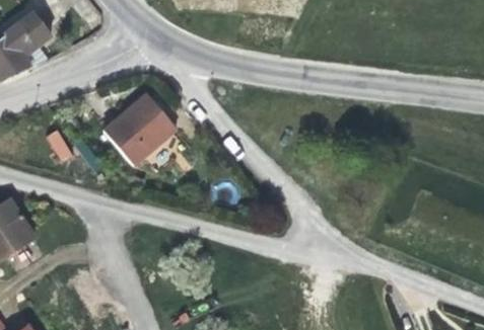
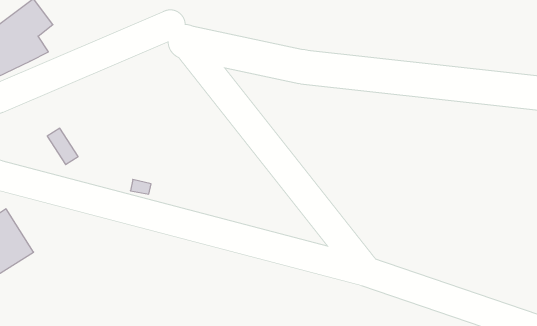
building: [113,93,174,155] -> none

